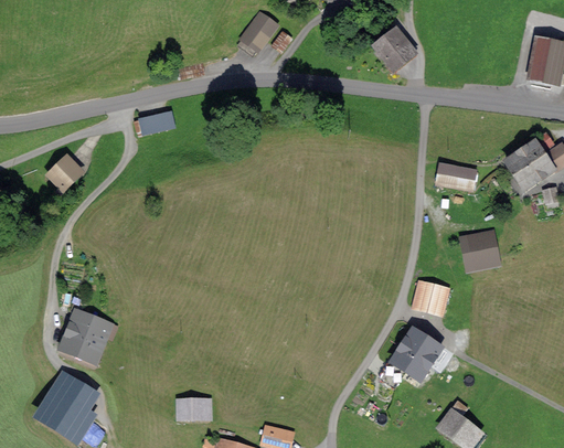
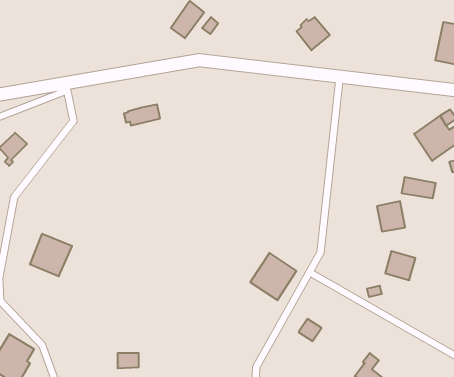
building: [135,110,174,134] -> [124,104,160,126]
building: [437,164,475,188] -> [402,177,436,198]
building: [414,280,447,312] -> [385,251,415,280]
building: [63,312,109,359] -> [30,234,72,276]
building: [390,328,440,380] -> [250,253,296,300]

